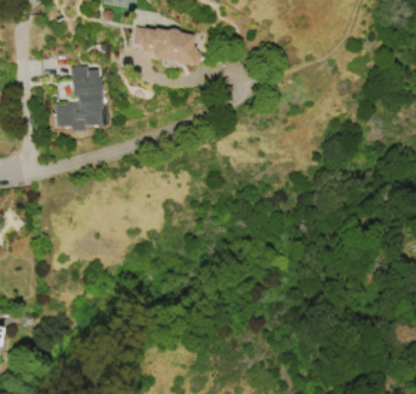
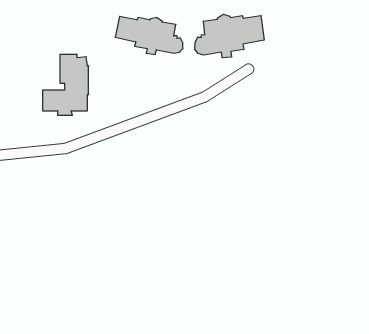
building: none -> [195,14,264,58]

